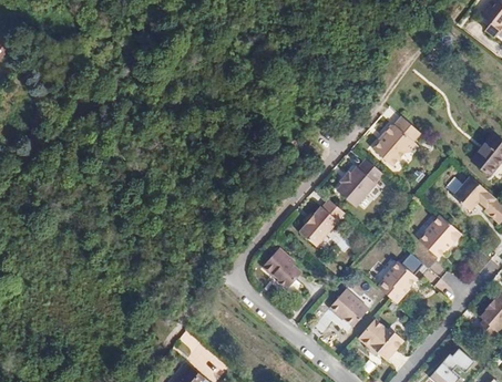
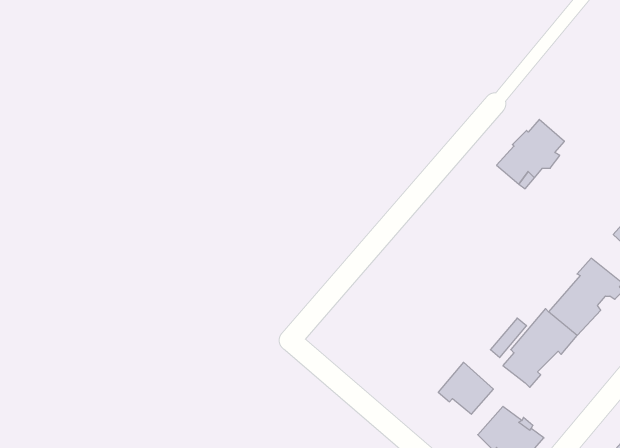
building: [336,158,383,206] -> none
building: [299,199,345,245] -> none
building: [264,246,305,287] -> none

